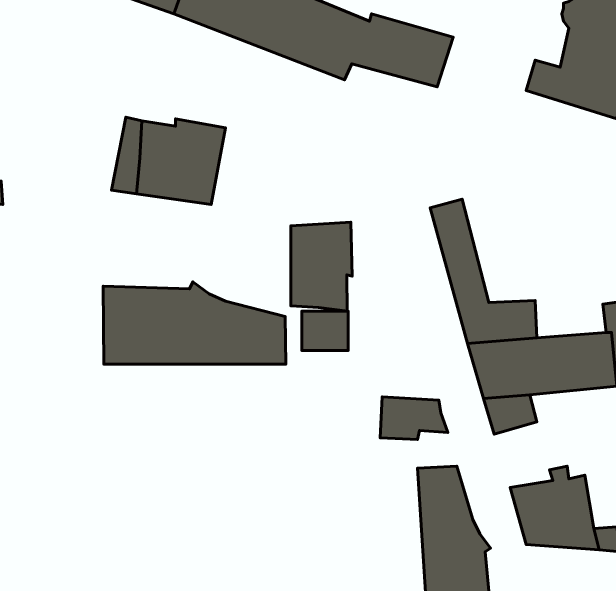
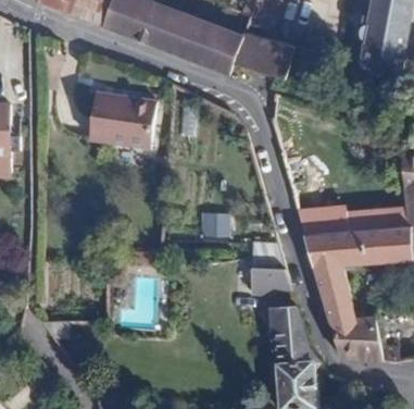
building: [291,222,352,311] -> none
building: [103,282,286,364] -> none
building: none -> [319,282,355,322]

